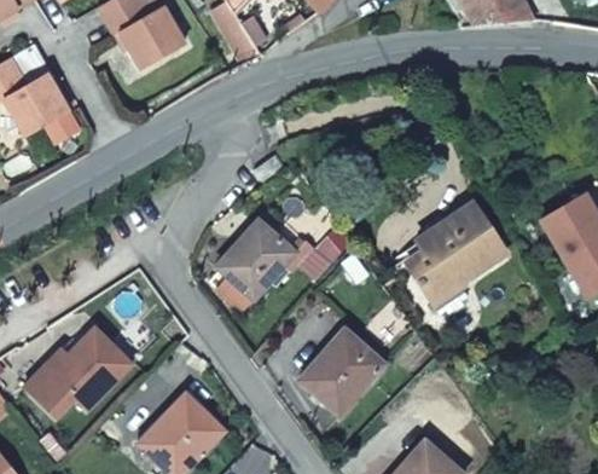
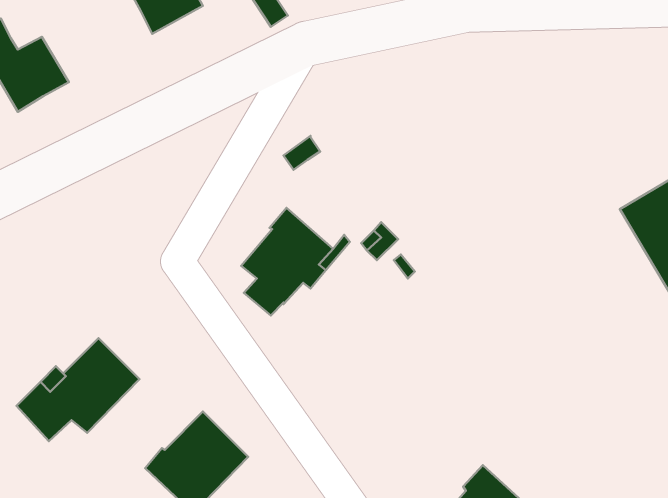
building: [407,203,501,302] -> none
building: [302,324,387,414] -> none

